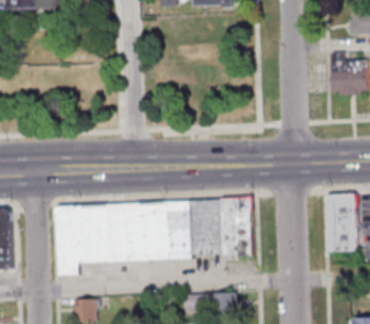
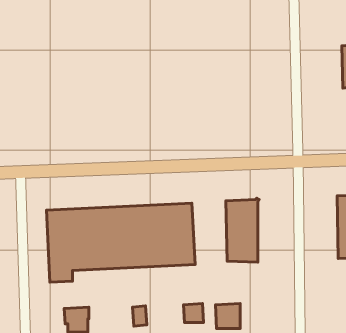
building: [190,198,223,257] -> none

